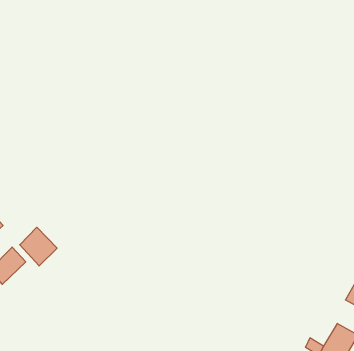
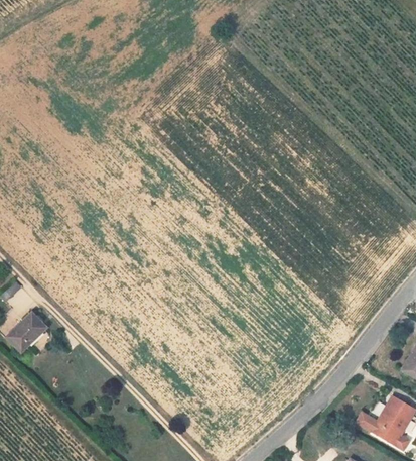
building: [20,227,57,266] -> none

